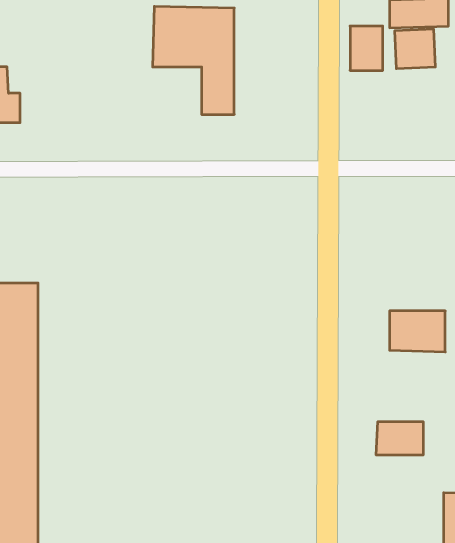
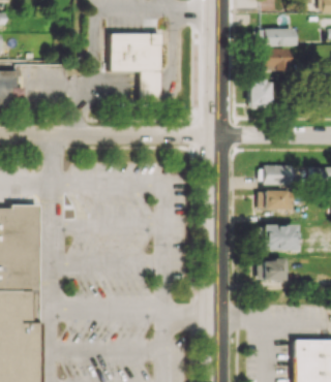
building: [350,26,383,70] -> [249,79,270,107]
building: none -> [262,164,290,183]
building: none -> [259,189,292,210]
building: [376,422,423,455] -> [258,259,288,280]

